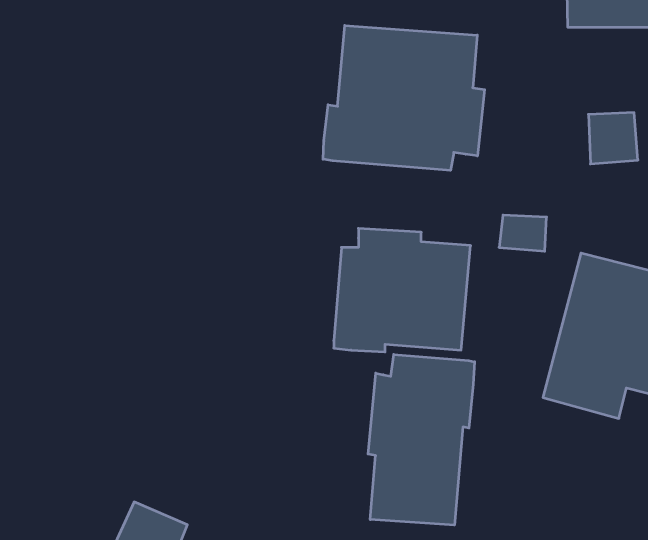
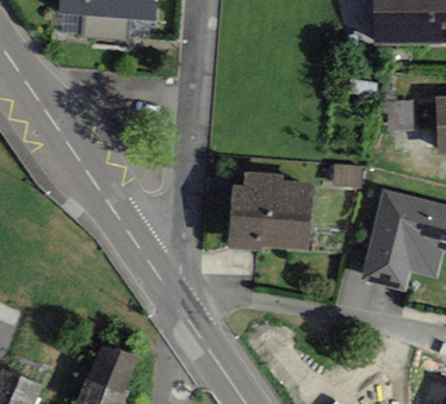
building: [323,25,485,170] -> none
building: [368,354,475,525] -> none

